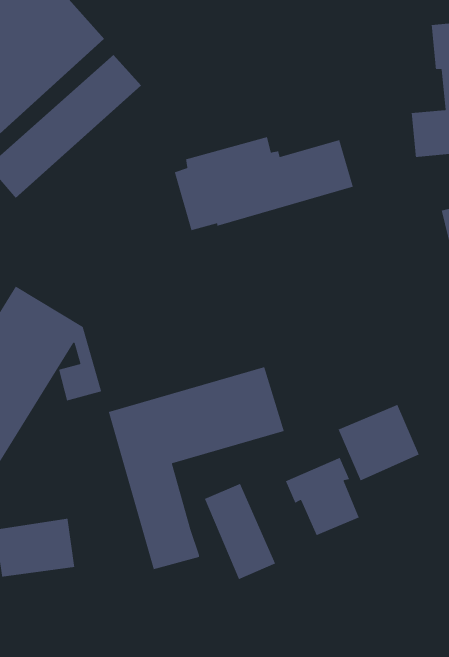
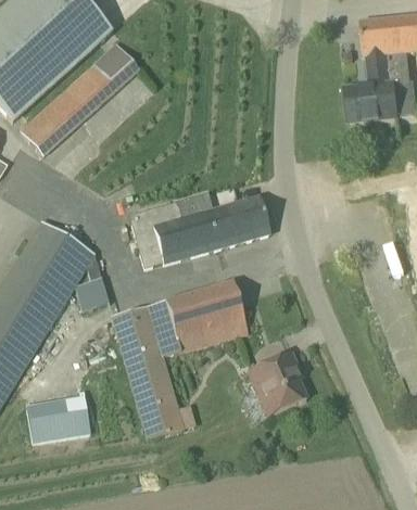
building: [174,136,354,231] -> [132,193,270,266]
building: [338,404,420,481] -> none
building: [204,483,276,580] -> none

